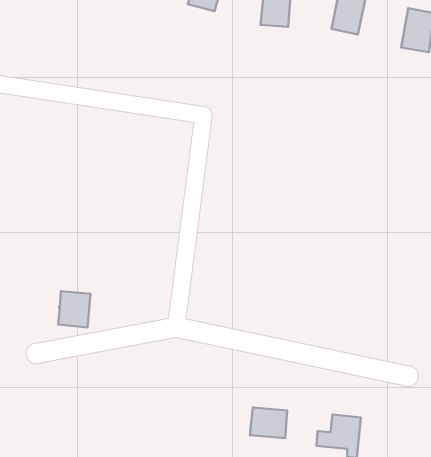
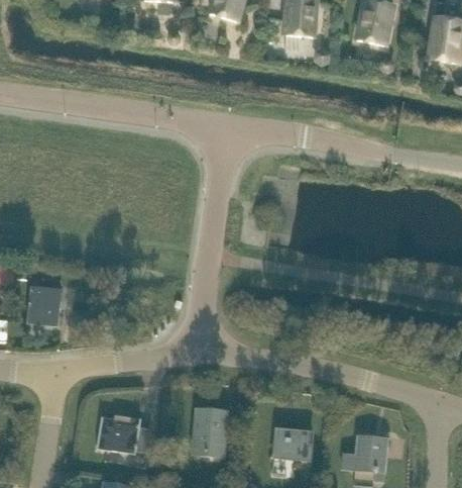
building: [58,291,90,327] -> [27,284,61,321]
building: none -> [193,409,226,457]
building: none -> [97,414,140,453]

